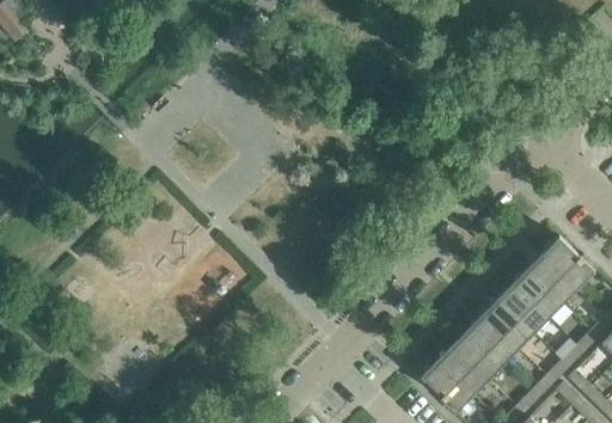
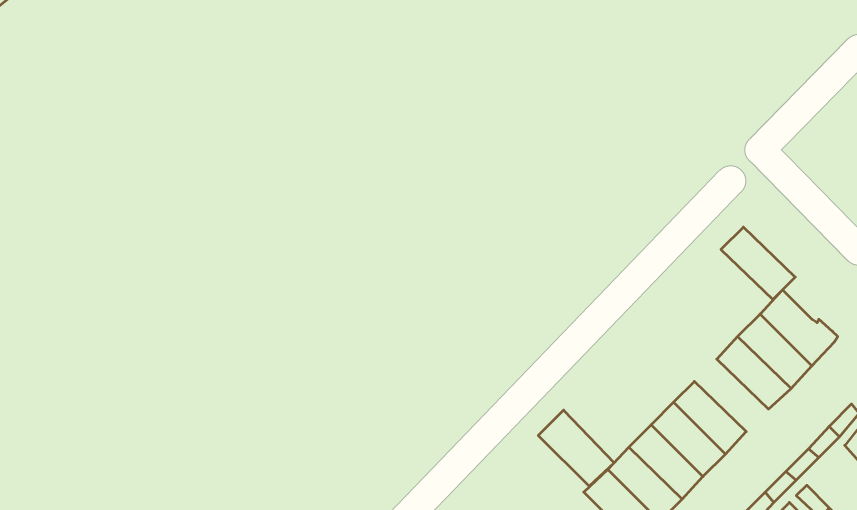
building: [497,282,549,332] -> [721,227,795,300]
building: none -> [538,410,614,486]

